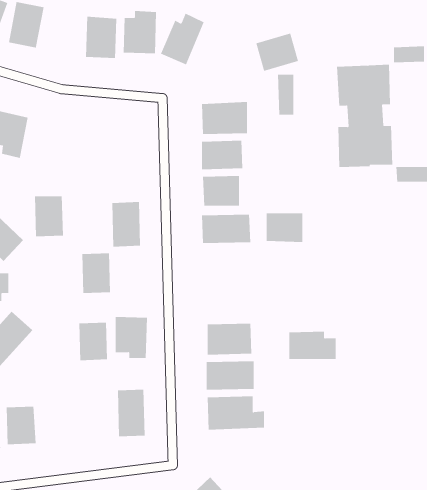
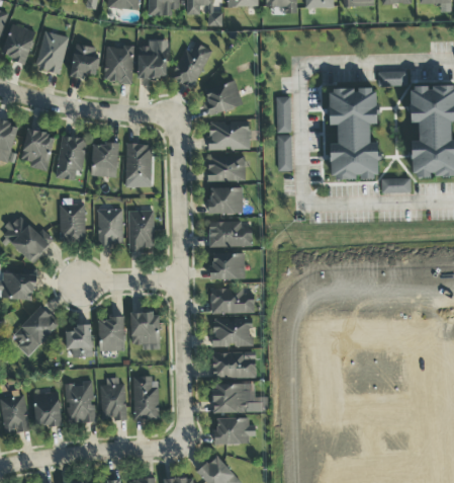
building: none -> [69,44,99,78]
building: [256,33,299,72] -> [203,80,242,114]
building: none -> [277,135,291,171]
building: none -> [56,136,86,180]
building: none -> [91,142,118,177]
building: none -> [124,144,153,187]
building: [266,213,303,242] -> [210,253,244,279]
building: [81,253,111,294] -> [96,209,122,245]
building: none -> [65,324,92,357]
building: [289,331,336,360] -> [210,288,253,313]
building: none -> [100,380,125,419]
building: none -> [65,381,95,423]
building: none -> [214,417,255,445]

